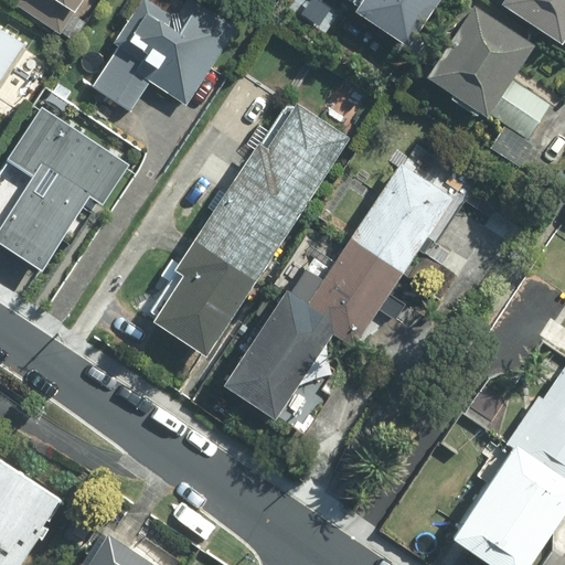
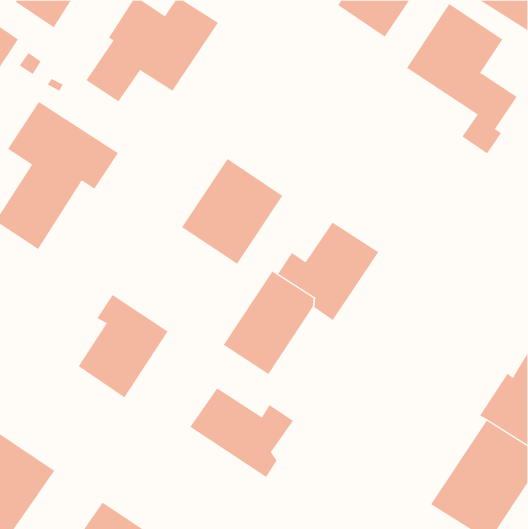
building: [241,104,348,211] -> none
building: [352,166,449,270] -> none
building: [156,244,252,354] -> [78,294,168,398]
building: none -> [189,387,294,478]

